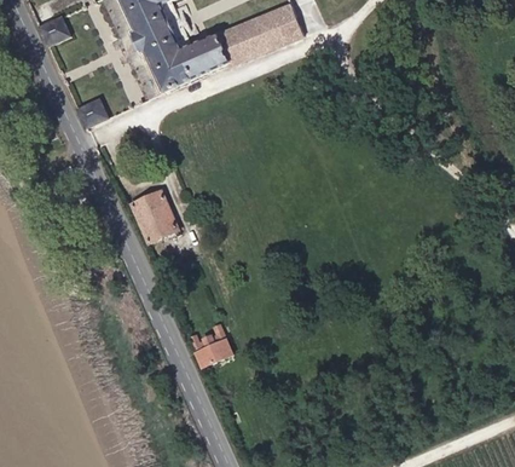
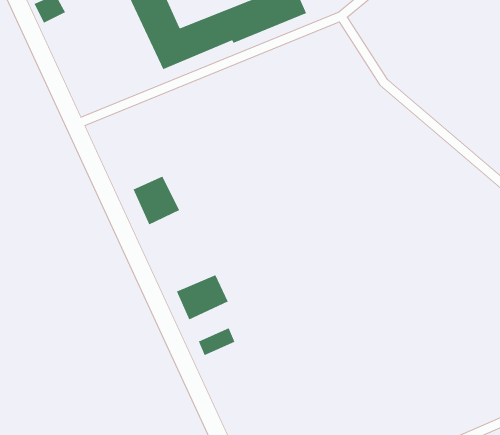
building: [74,96,105,127] -> none
building: none -> [176,274,229,320]

